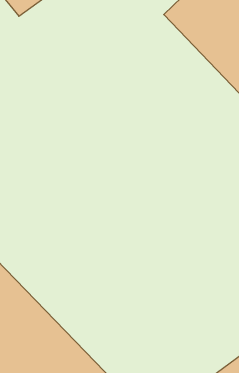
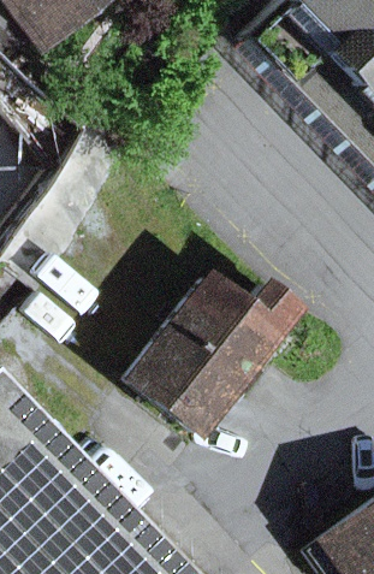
building: none -> [137,279,303,433]

